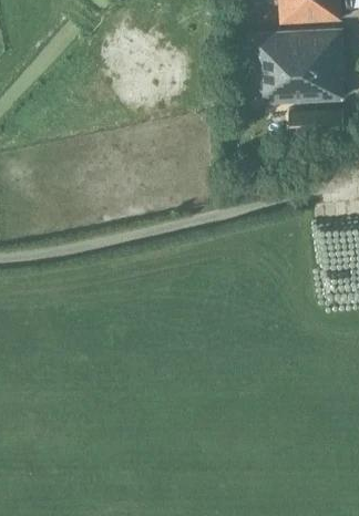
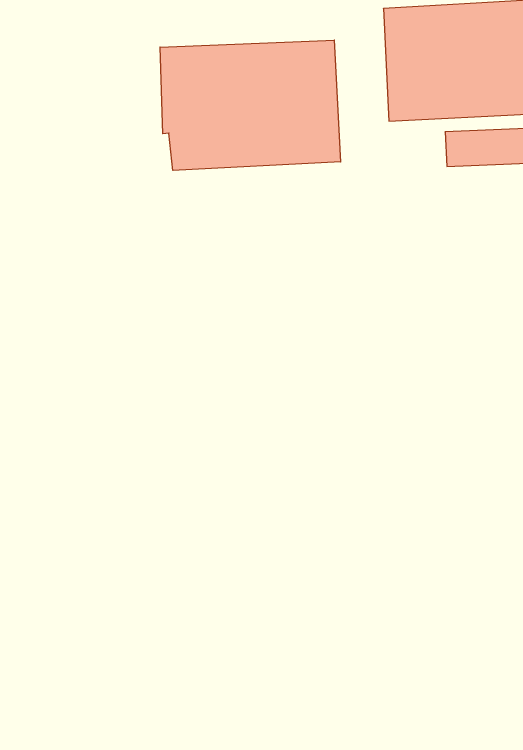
building: none -> [160,40,341,170]

